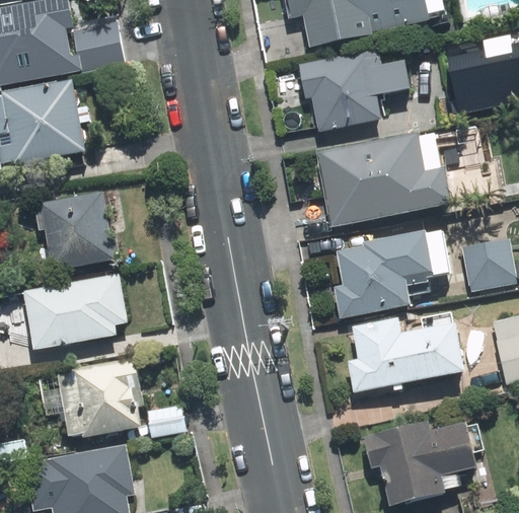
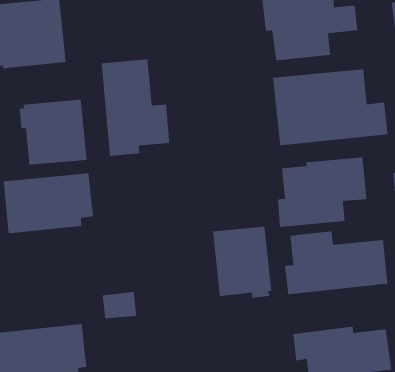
building: none -> [101,59,170,157]
building: none -> [212,226,272,298]
building: [57,357,144,438] -> none

